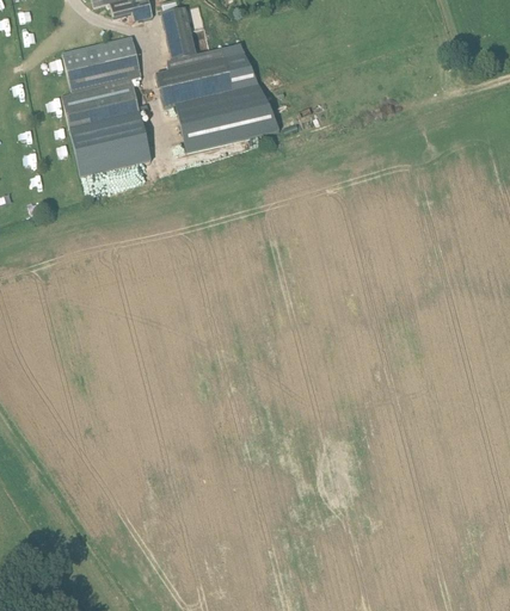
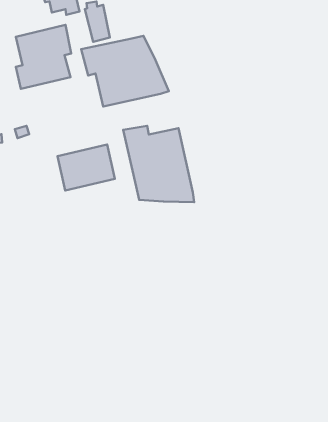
building: [69,110,150,175] -> [58,145,115,191]
building: none -> [123,126,194,202]

